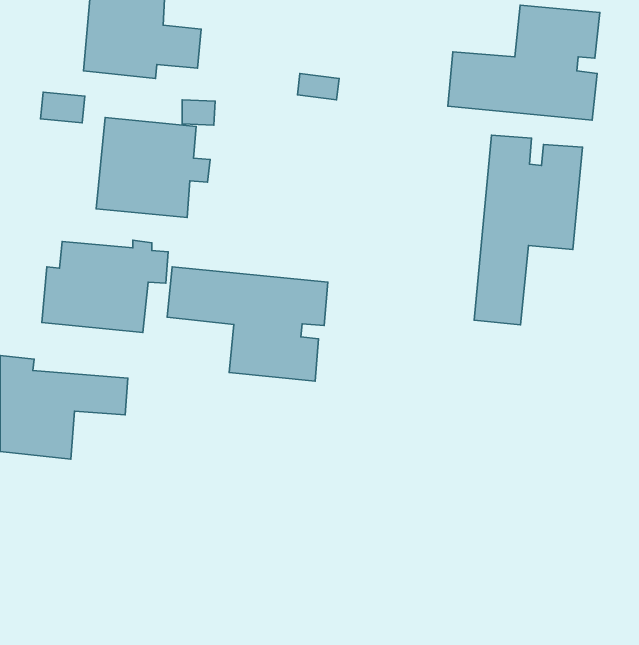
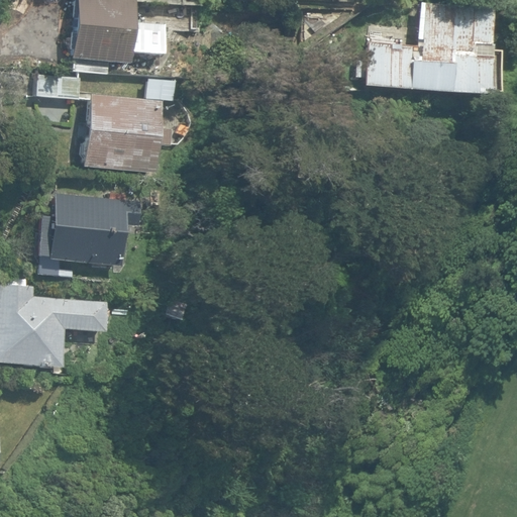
building: [474,135,582,325] -> none
building: [167,267,328,381] -> none

